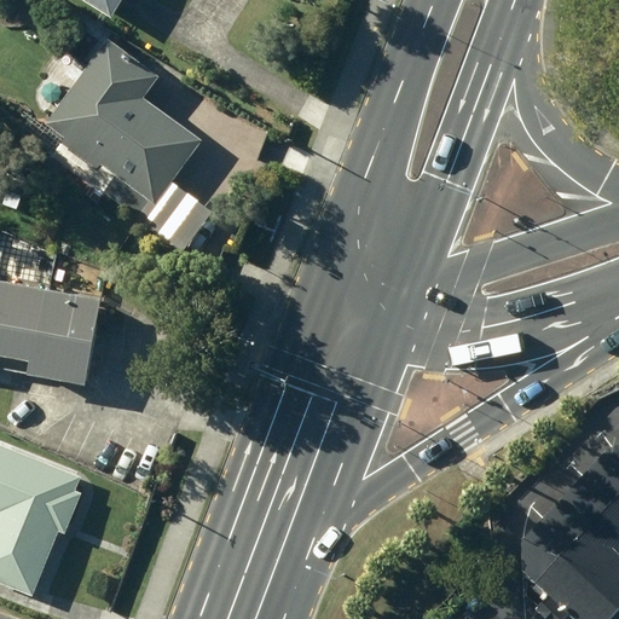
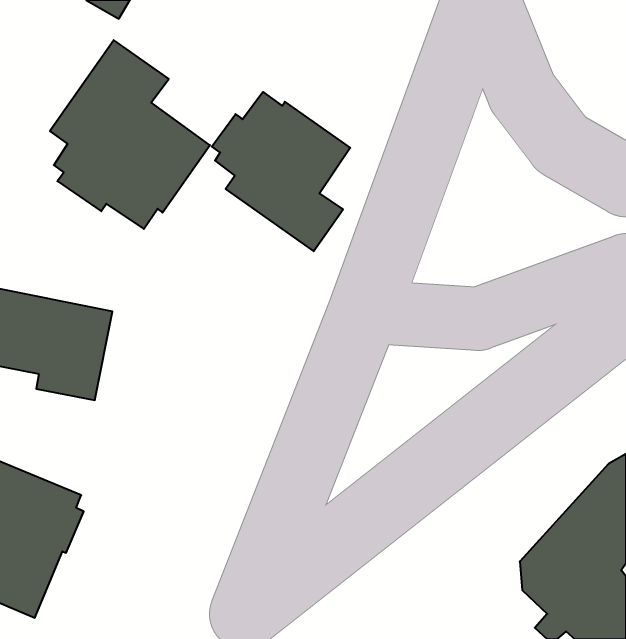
building: none -> [212,92,350,251]

